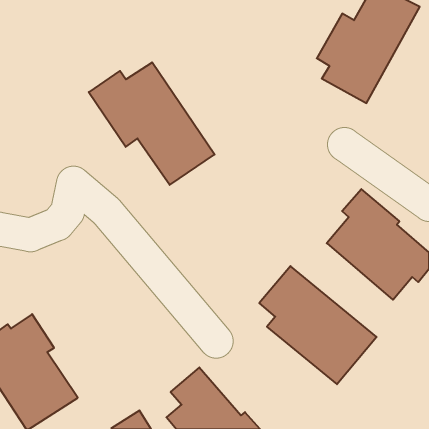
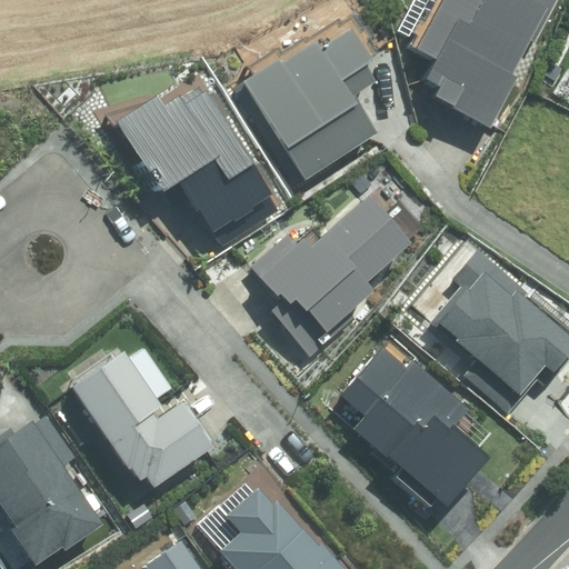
building: none -> [242,43,376,189]
building: none -> [249,194,409,340]
building: none -> [72,351,213,492]

